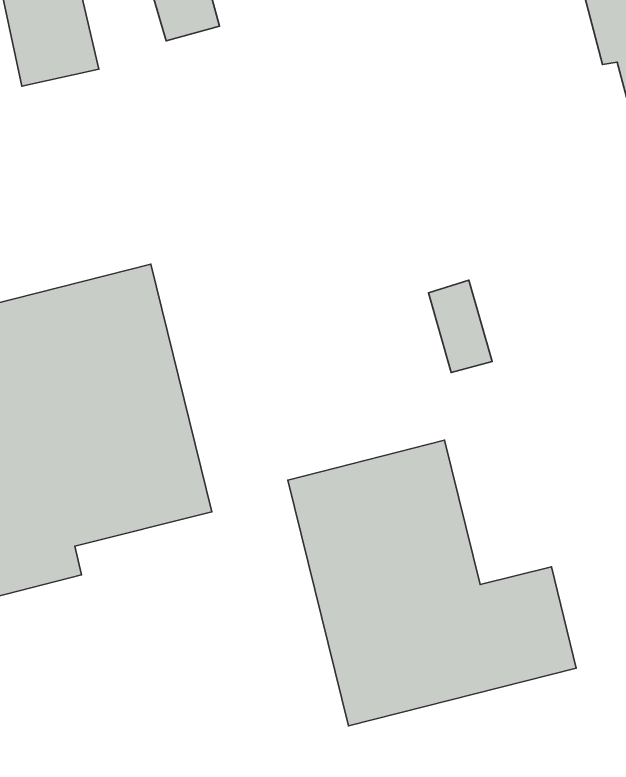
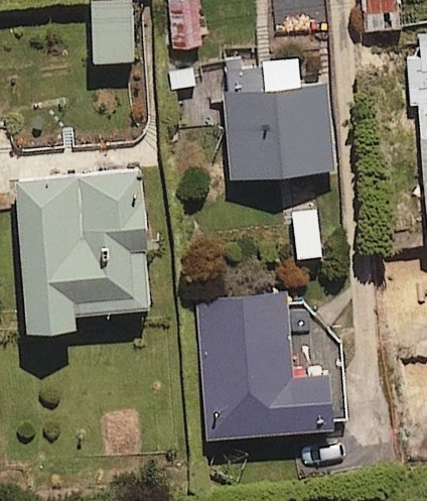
building: none -> [221,51,335,182]

